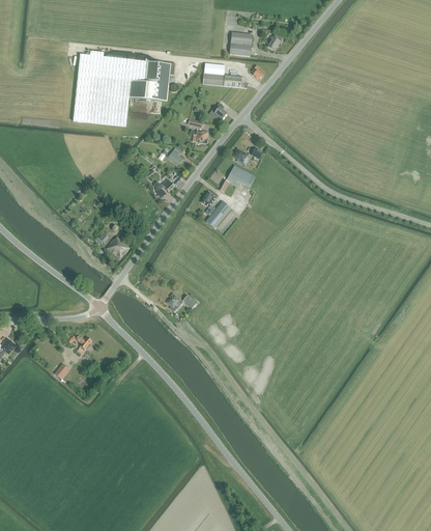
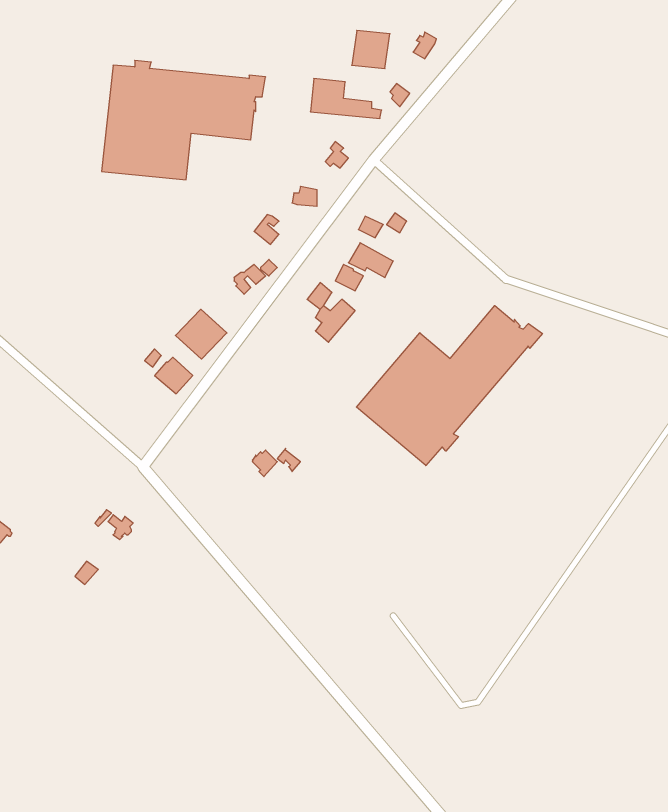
building: none -> [356,306,542,466]
building: none -> [175,309,227,359]

